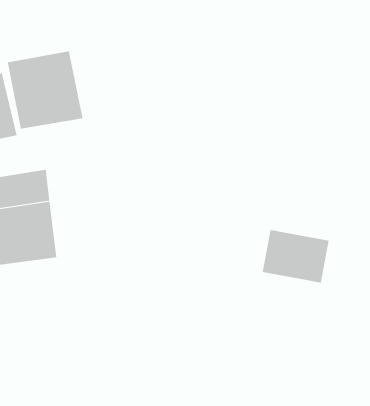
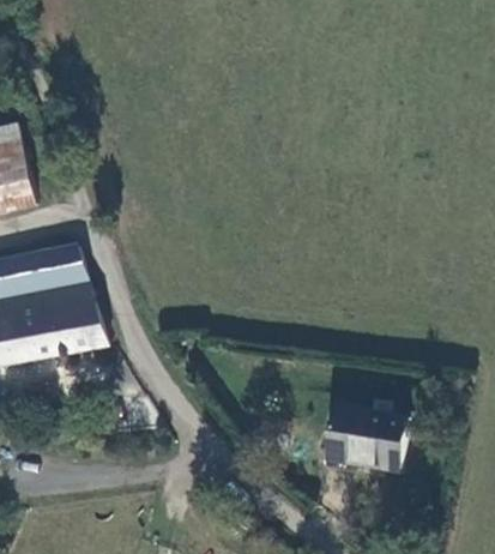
building: [7,51,83,129] -> none
building: [262,229,329,283] -> [322,401,404,465]

